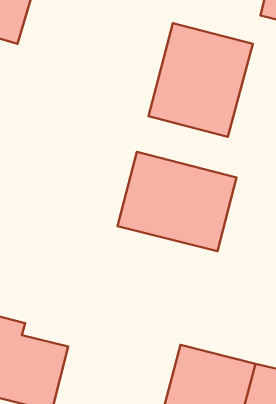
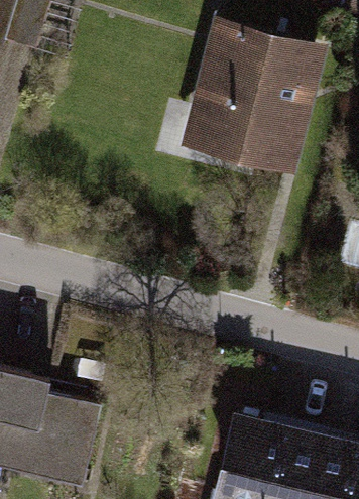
building: [117,152,236,251] -> none

